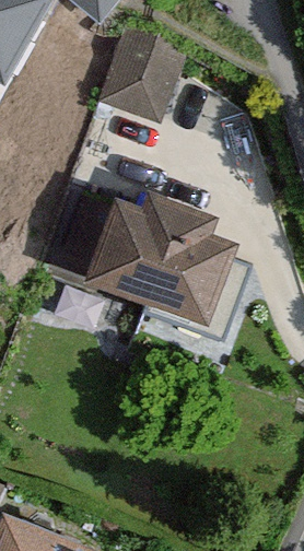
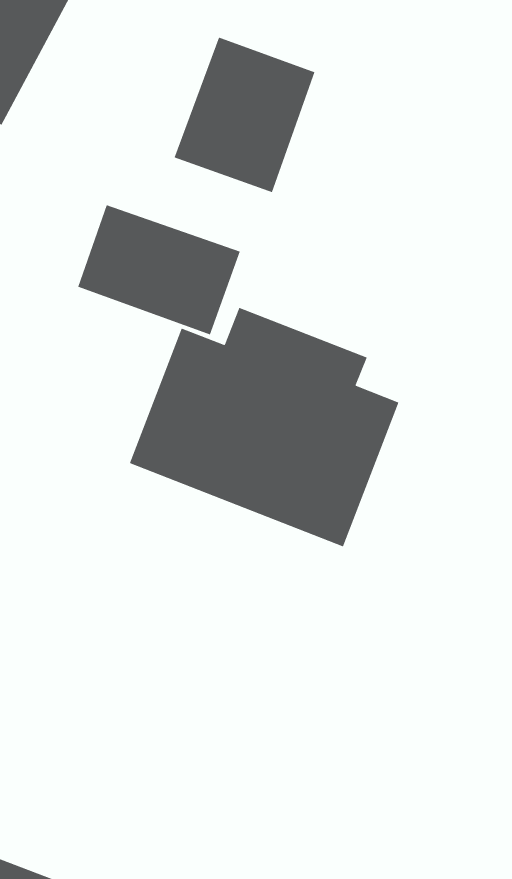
building: none -> [77,204,241,336]

